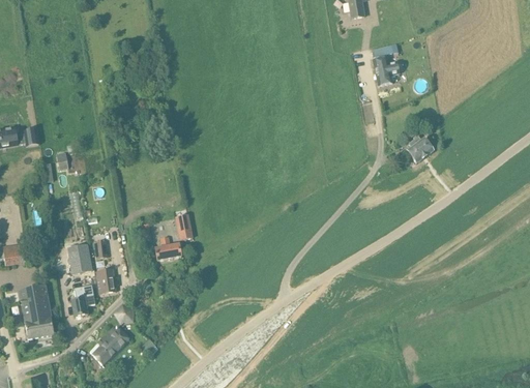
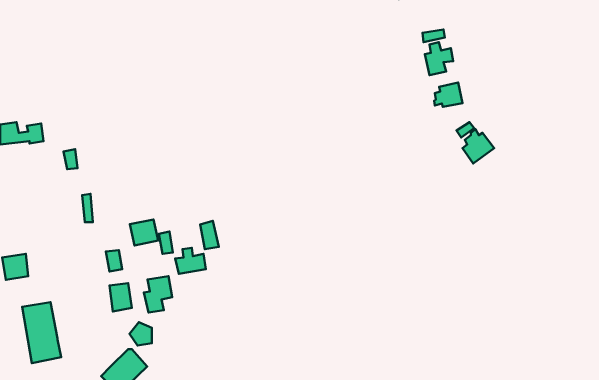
building: none -> [434,83,463,107]
building: [64,242,89,265] -> [130,219,158,245]
building: [70,285,95,317] -> [144,276,172,313]

